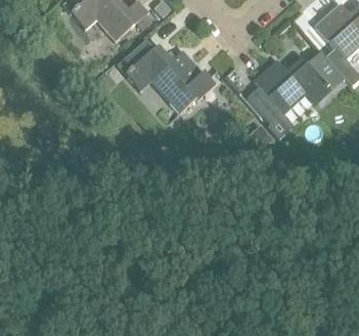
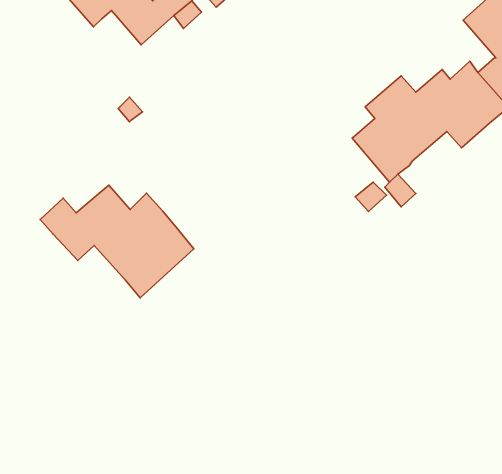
building: [117,43,213,114] -> [40,185,194,298]

